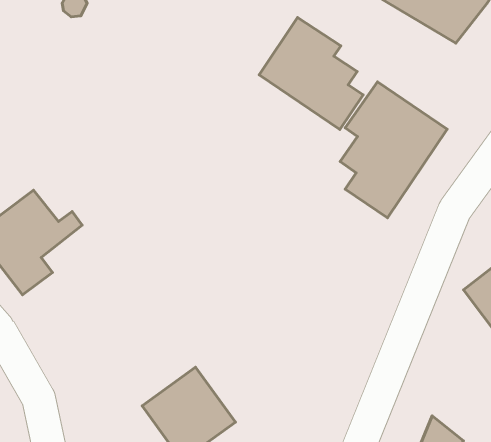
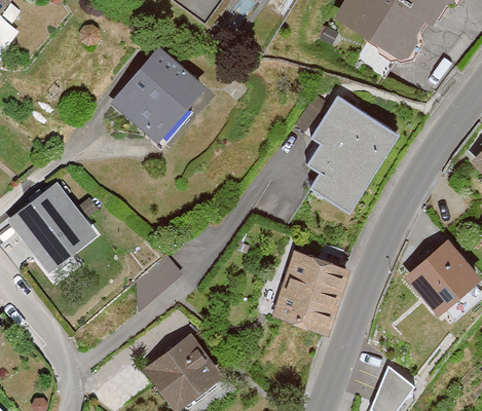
building: [259,18,363,129] -> none
building: none -> [113,49,203,148]
building: none -> [272,247,347,331]

